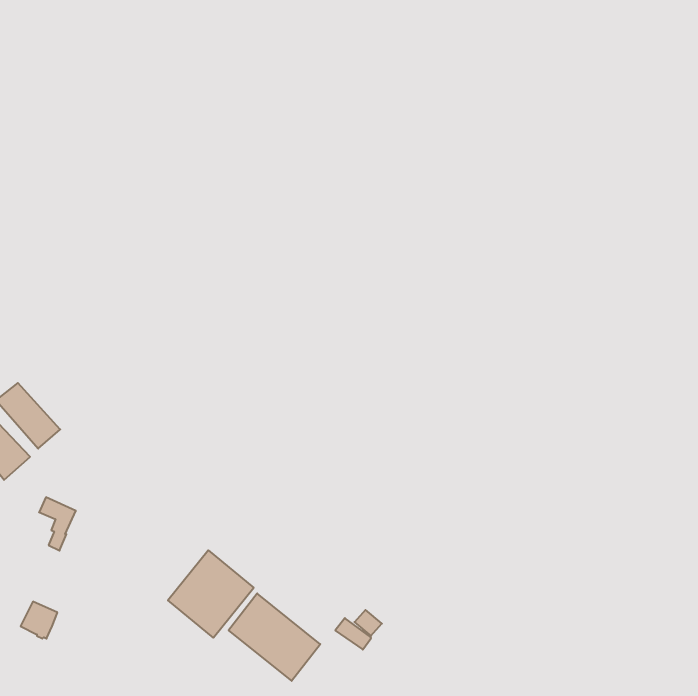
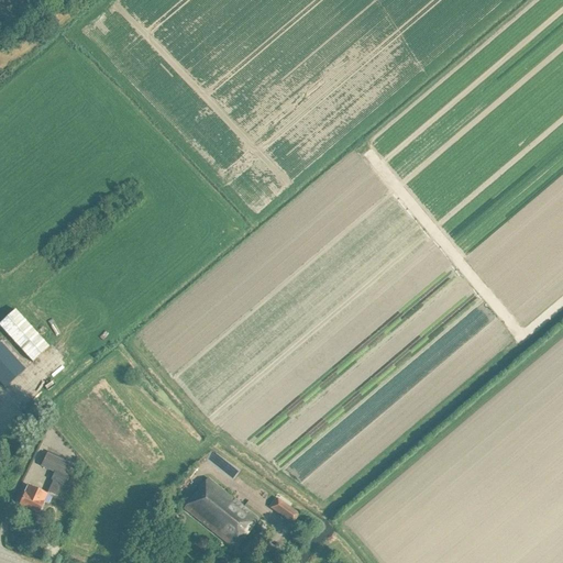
building: [39,497,76,551] -> [40,453,69,496]
building: [168,550,254,638] -> none

